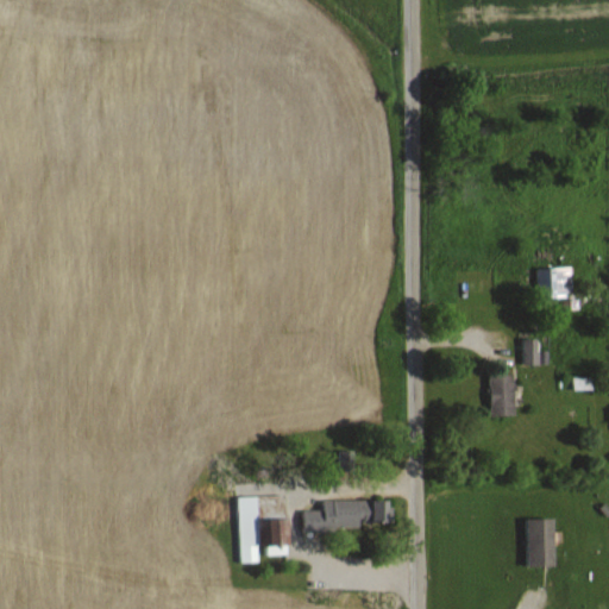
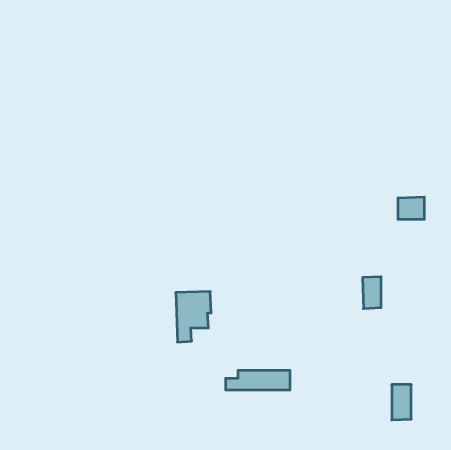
building: [522,339,546,366] -> none
building: [238,496,285,564] -> [176,292,211,342]

